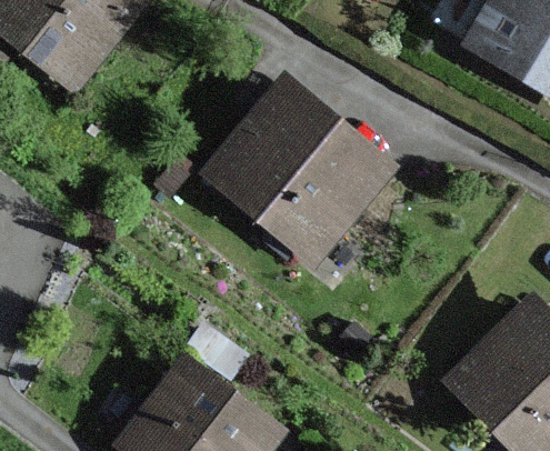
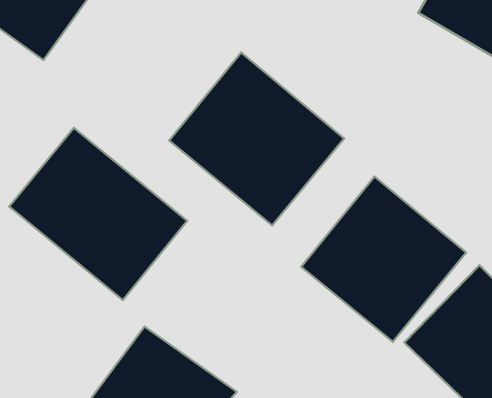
building: none -> [9,128,187,300]
building: none -> [301,177,466,342]

